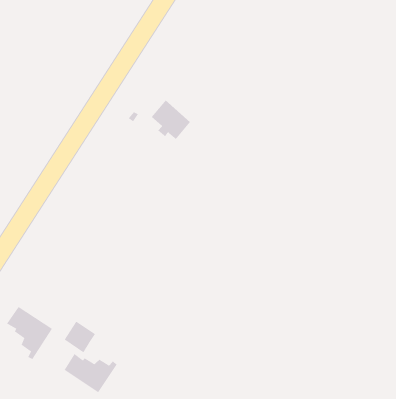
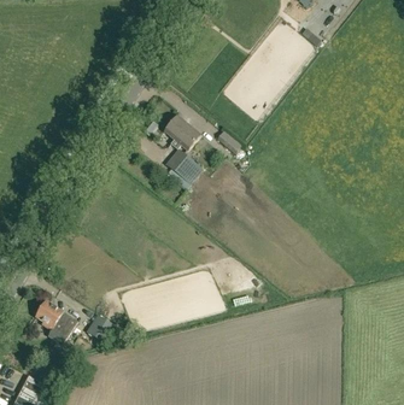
building: none -> [170,151,204,183]
building: [64,353,117,393] -> none

